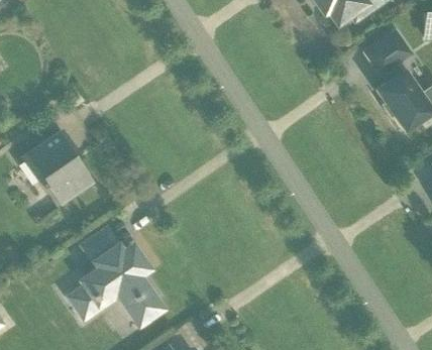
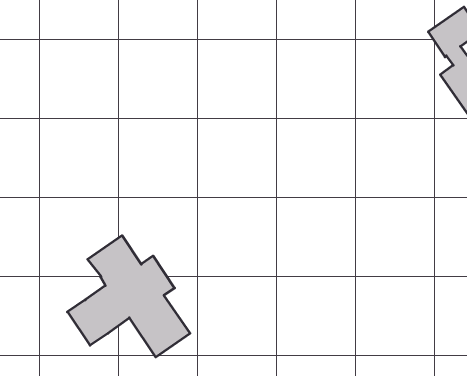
building: [24,131,92,202] -> none

